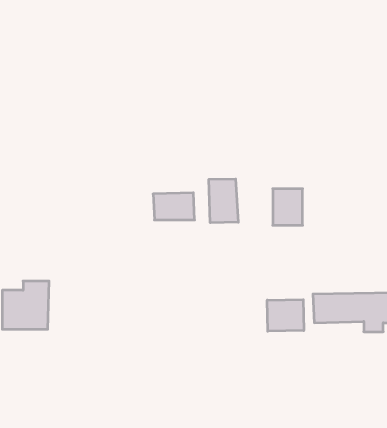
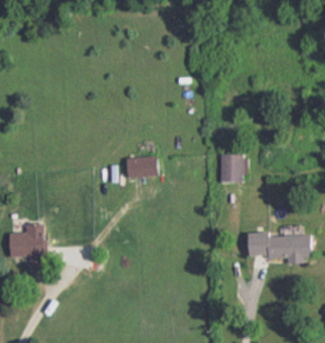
building: [209,179,238,223] -> none
building: [267,300,304,331] -> none

